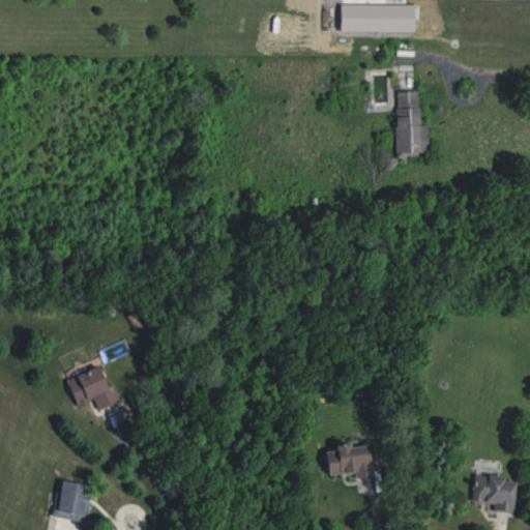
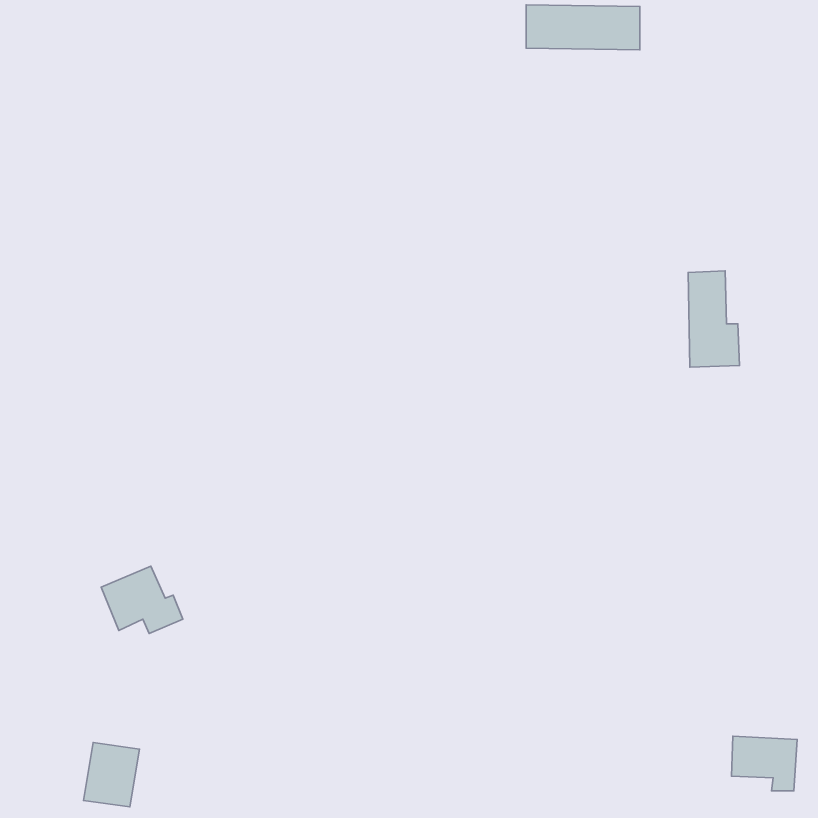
building: [395,91,429,153] -> [688,271,739,367]
building: [325,441,380,477] -> none

